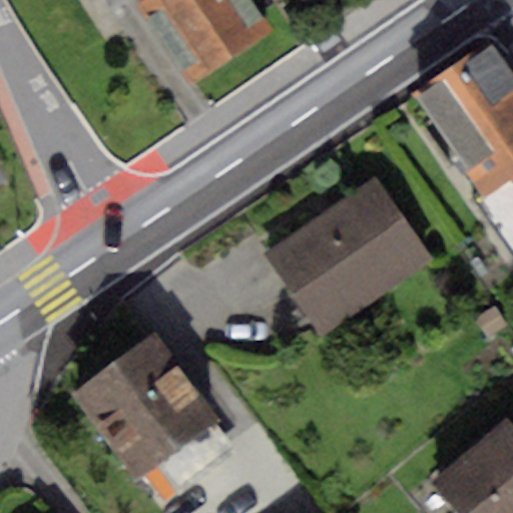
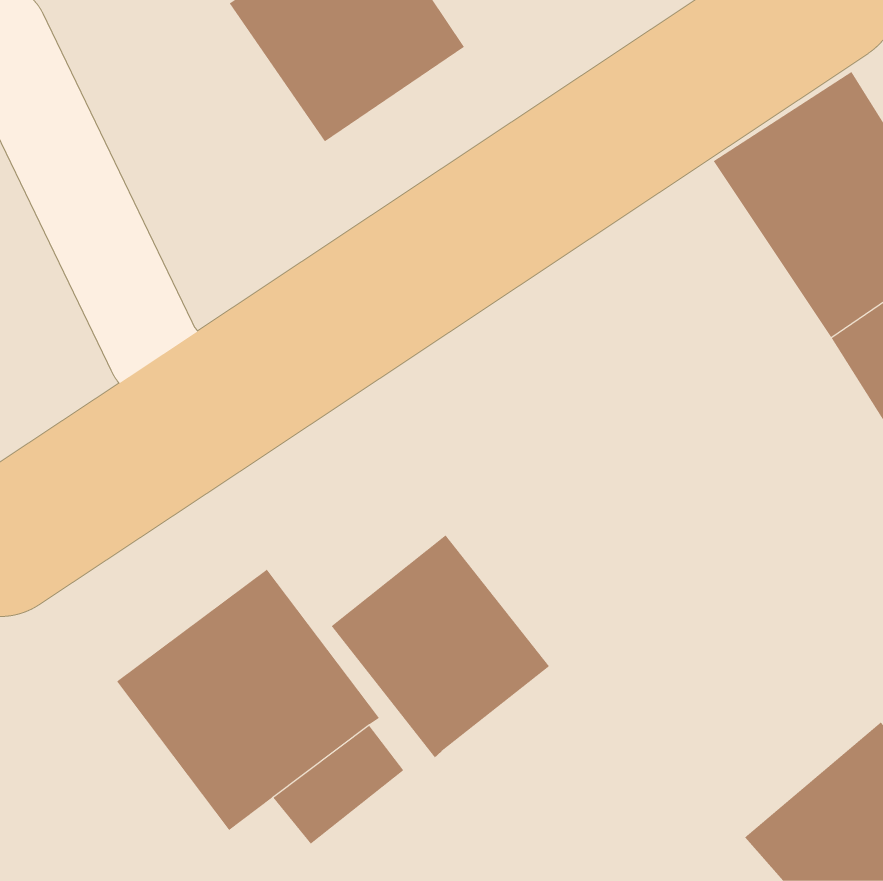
building: [268,177,431,333] -> none
building: none -> [331,534,550,758]

